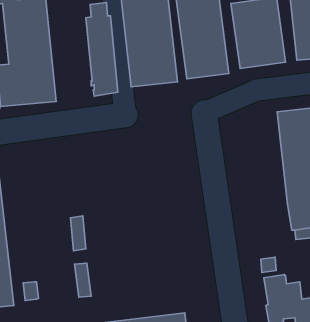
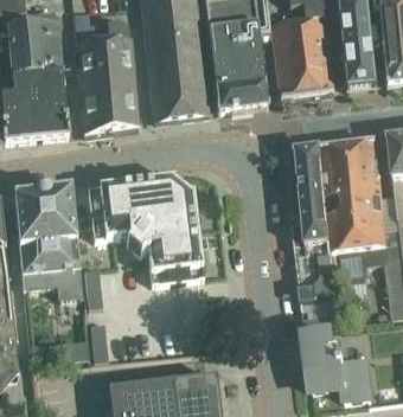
building: none -> [76,37,113,130]
building: none -> [293,146,337,301]
building: none -> [89,174,204,281]
building: none -> [14,186,83,296]

